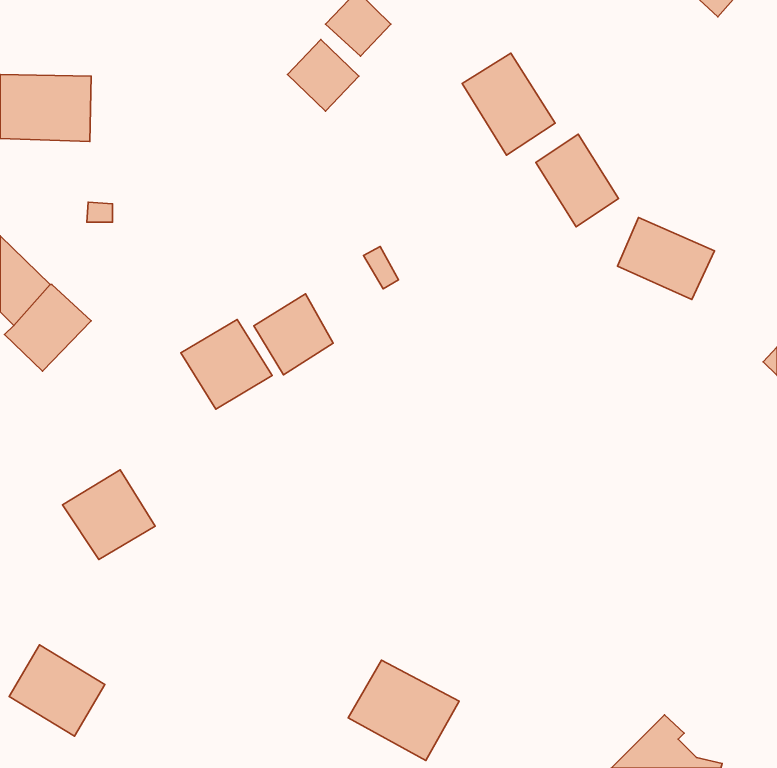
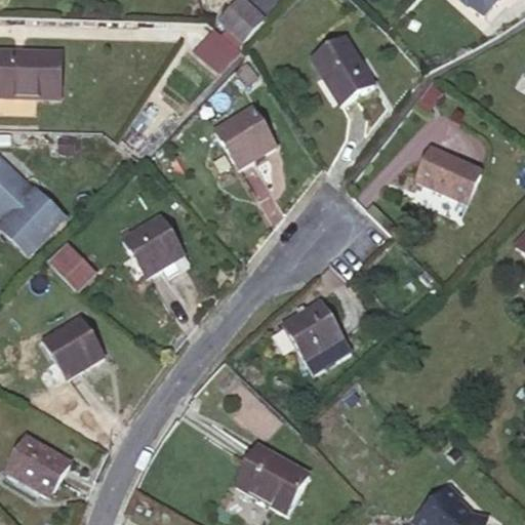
building: [536,134,618,227] -> none
building: none -> [214,107,276,167]
building: [254,294,333,375] -> none
building: none -> [49,244,95,290]
building: none -> [283,300,351,374]

